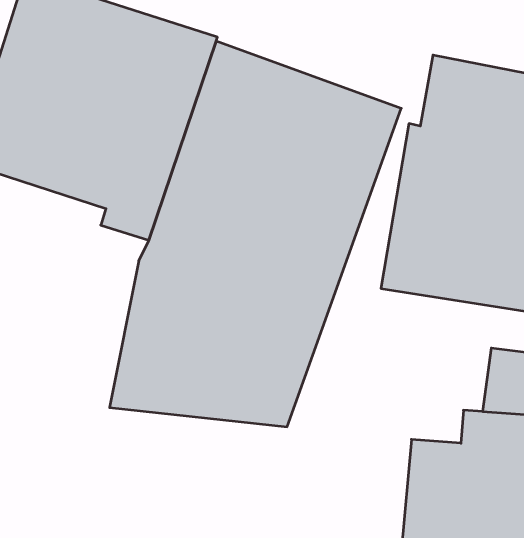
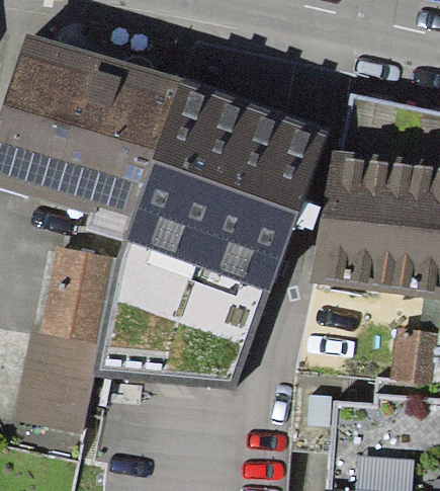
building: none -> [12,244,116,432]

